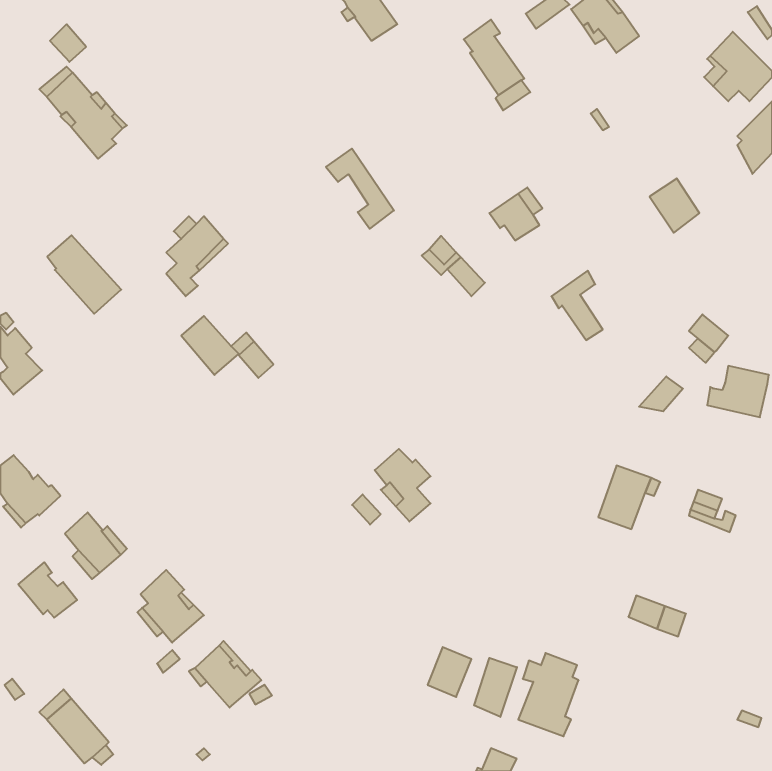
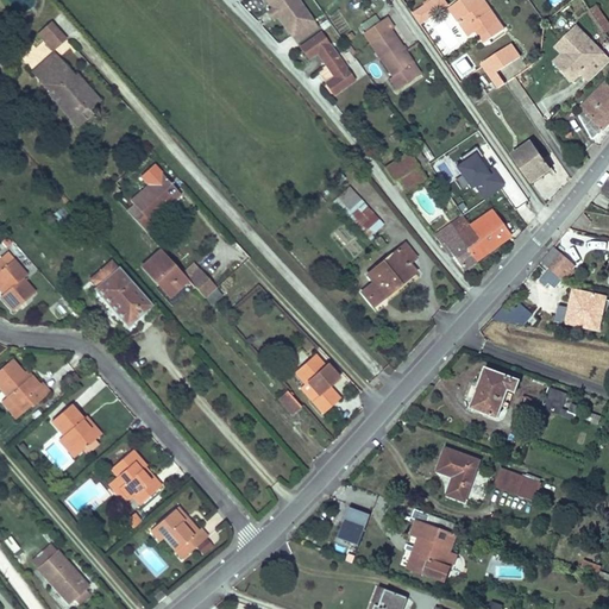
building: none -> [481,43,519,88]
building: [326,149,394,229] -> [301,31,354,94]
building: none -> [456,146,504,197]
building: [47,235,121,314] -> [90,260,149,322]
building: none -> [457,208,510,259]
building: none -> [362,243,415,304]
building: [18,562,77,618] -> none
building: none -> [438,447,479,500]
building: [474,658,517,717] -> none

